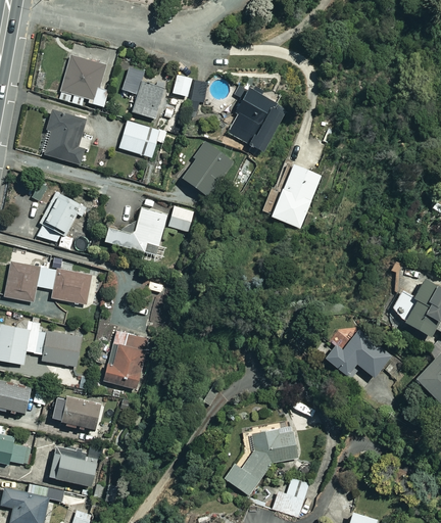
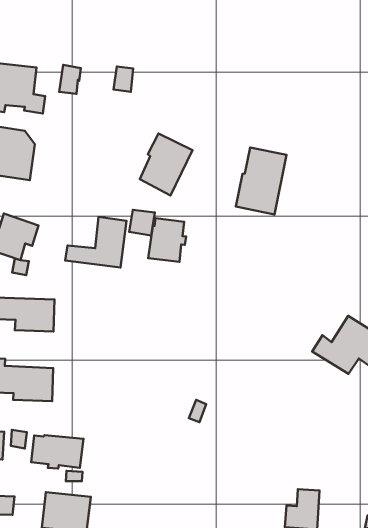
building: [133,83,163,118] -> none
building: [227,87,284,152] -> none
building: [119,121,164,157] -> none
building: none -> [148,218,186,262]
building: [104,331,148,389] -> none
building: [219,425,292,493] -> none

